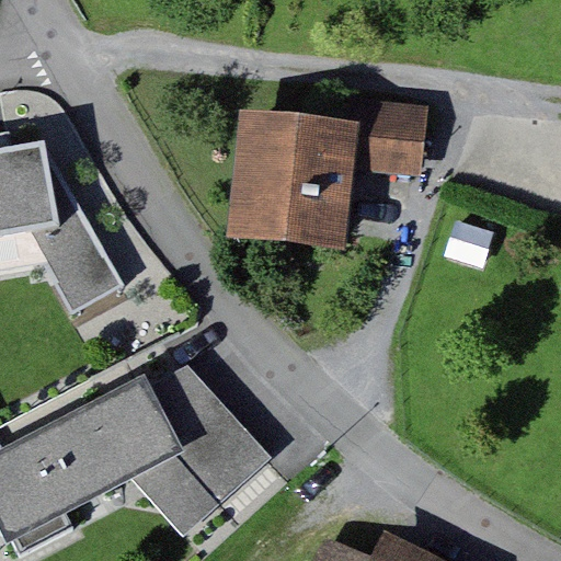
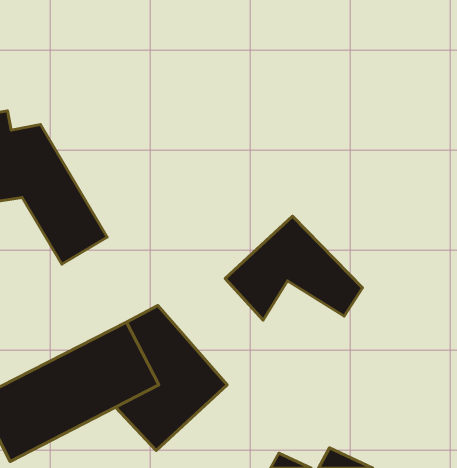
building: [213,100,410,250] -> none
building: none -> [225,216,362,320]

